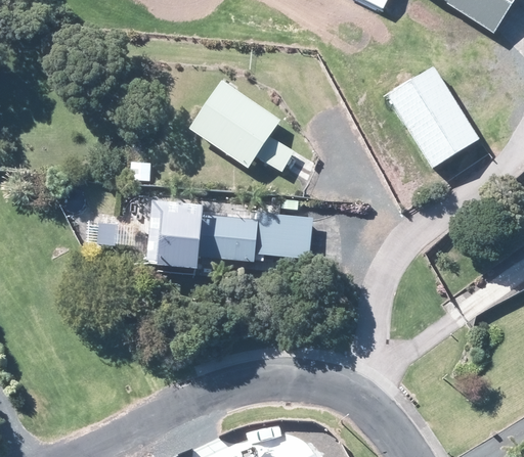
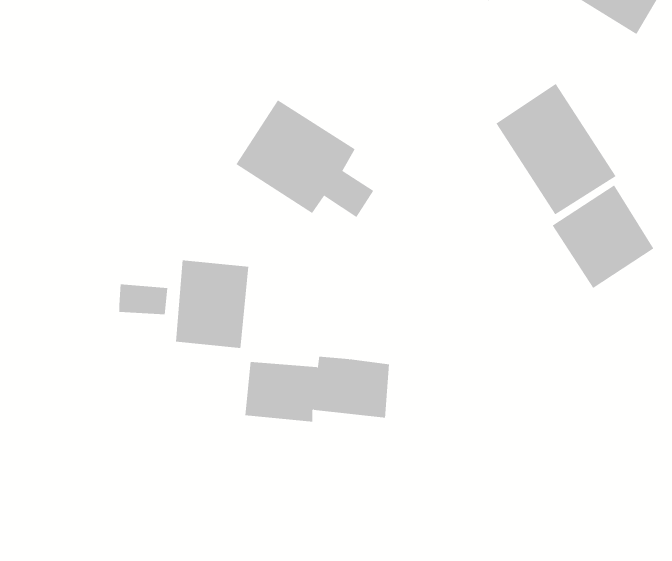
building: none -> [552,184,654,289]
building: [203,211,313,261] -> [245,356,390,422]

